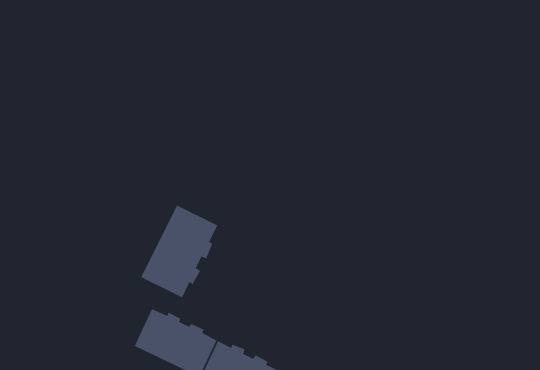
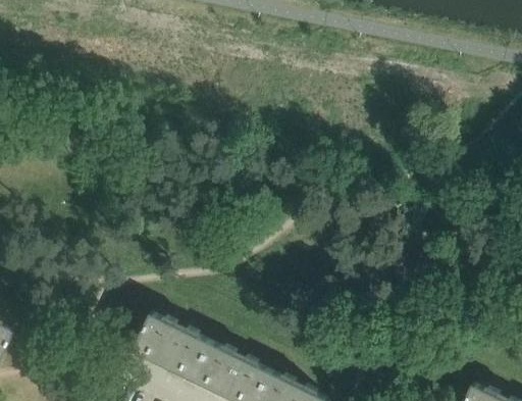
building: [136,202,218,299] -> none

